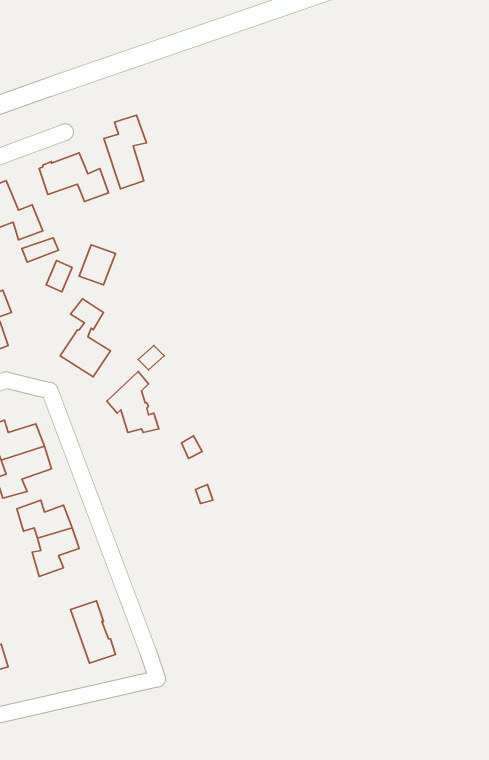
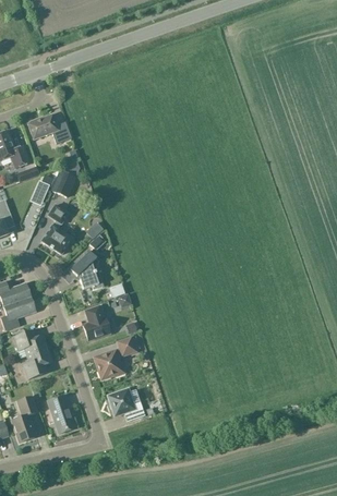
building: [104,115,147,189] -> none
building: none -> [83,306,110,340]
building: none -> [94,338,135,379]
building: none -> [107,388,145,421]
building: none -> [11,396,37,443]

